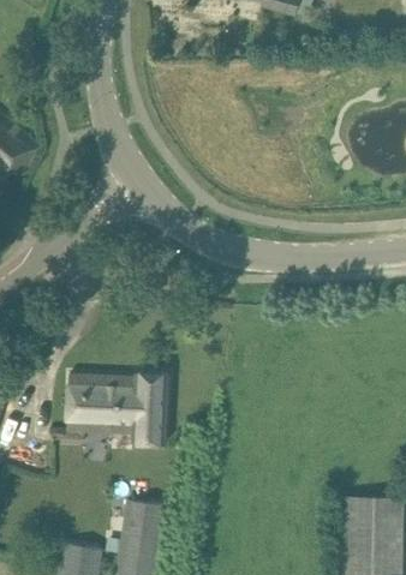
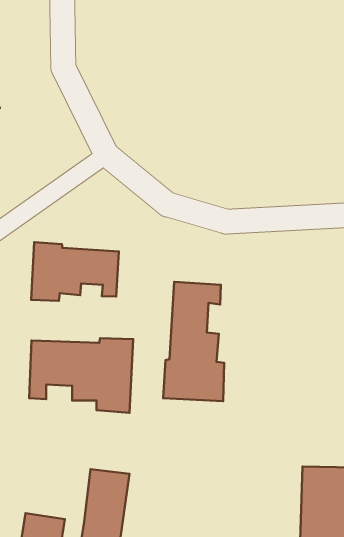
building: none -> [31,242,119,301]
building: none -> [163,282,224,401]

